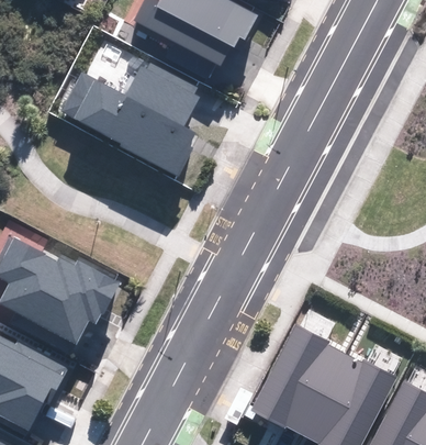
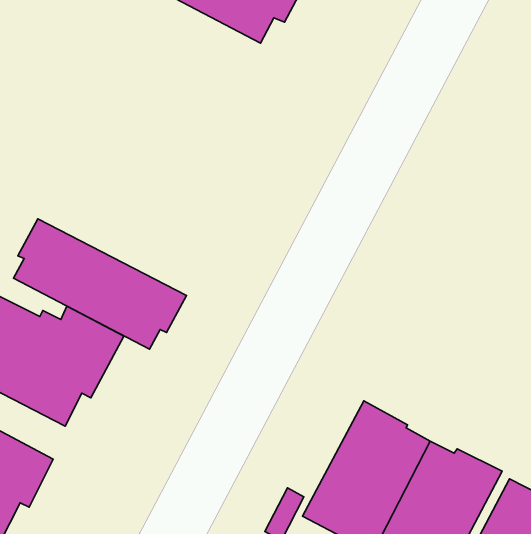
building: [61,60,202,173] -> none
building: none -> [13,219,186,349]

